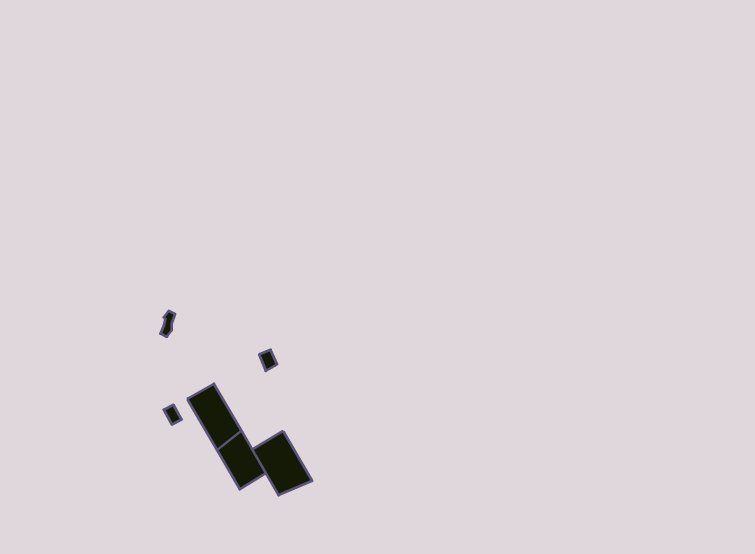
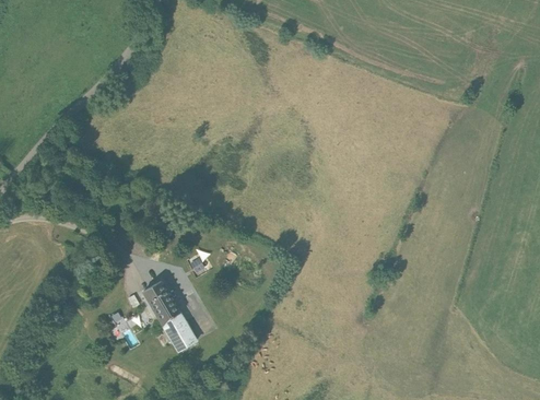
building: [252,431,312,495] -> none

